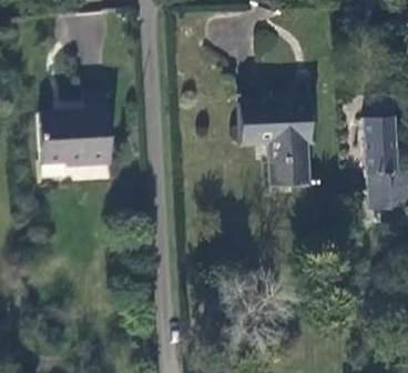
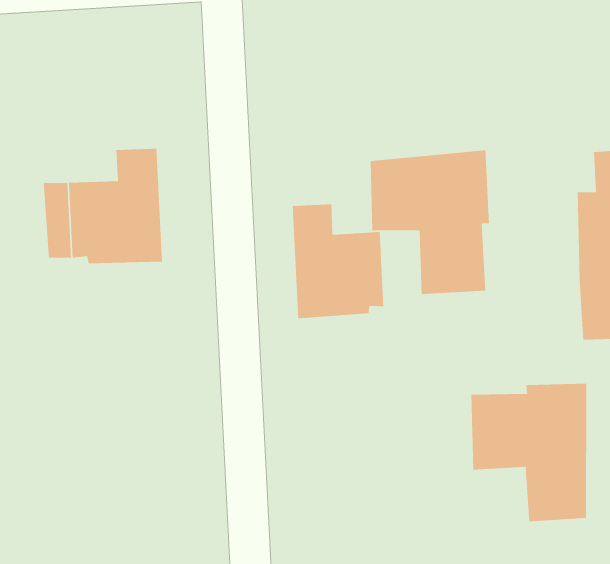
building: none -> [292,203,384,319]
building: none -> [470,383,587,522]

